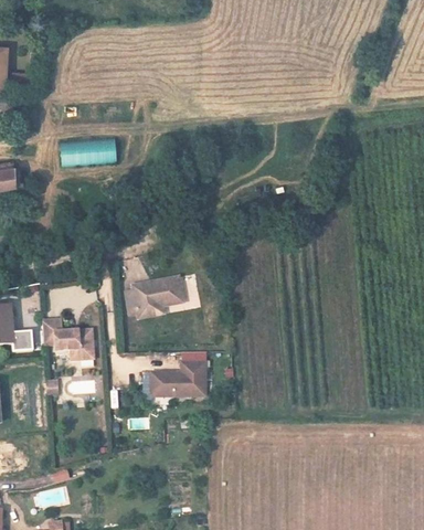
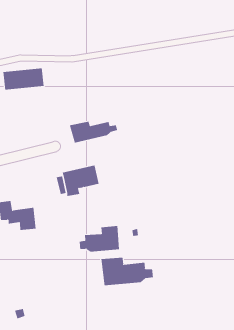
building: none -> [69,121,118,143]
building: none -> [101,257,154,286]

